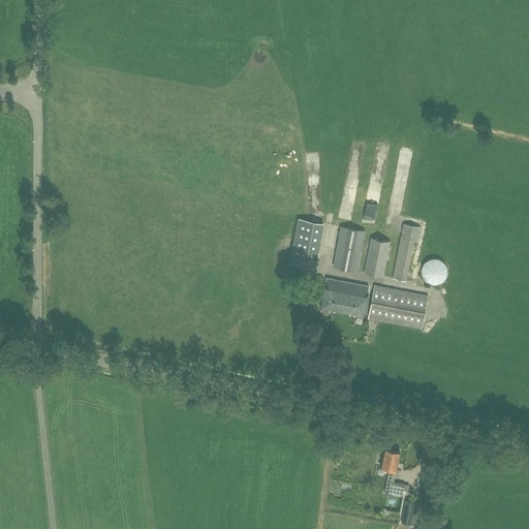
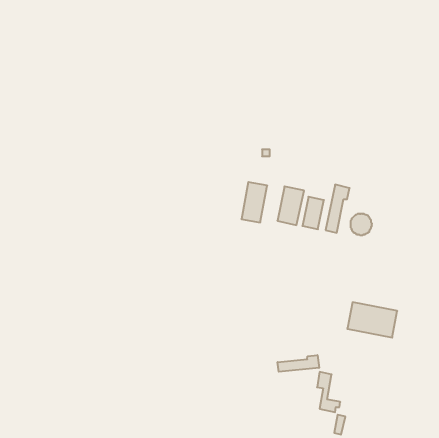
building: [320,277,369,315] -> none
building: [368,285,428,328] -> [347,302,397,338]
building: none -> [278,355,319,372]

